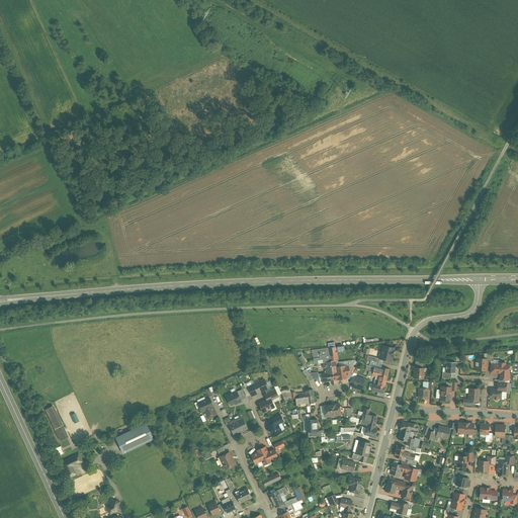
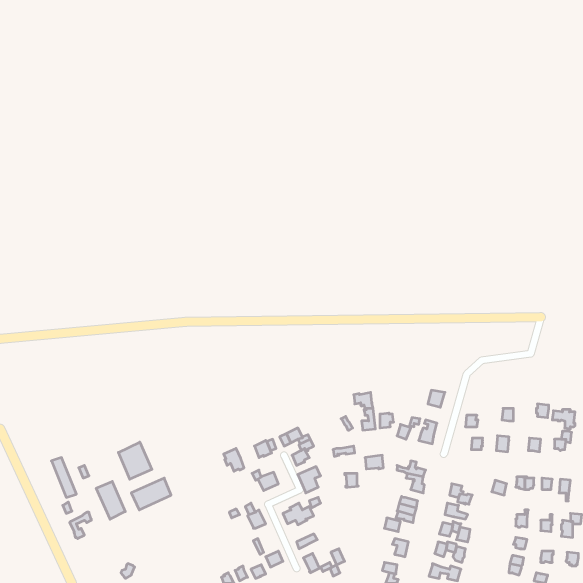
building: none -> [118,442,152,479]
building: none -> [96,481,125,519]

